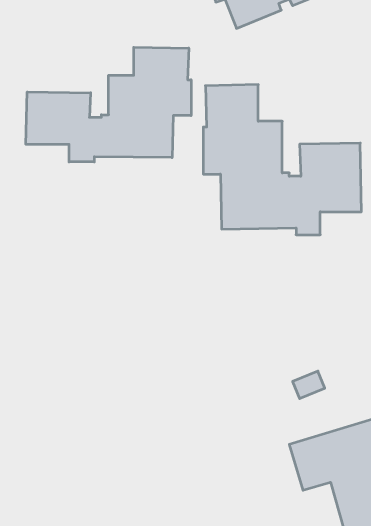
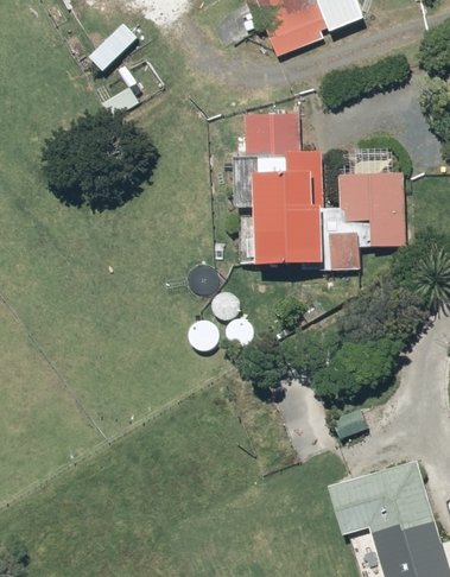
building: [26,47,191,162] -> none

